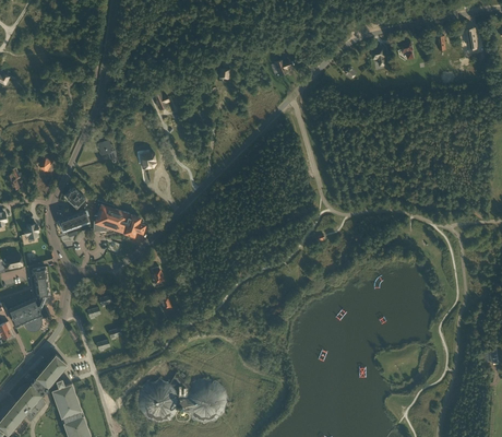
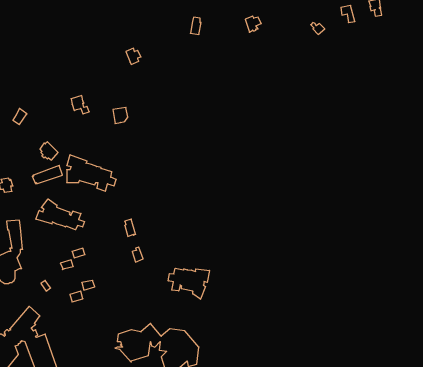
building: none -> [36,199,84,230]
building: none -> [168,268,209,299]

